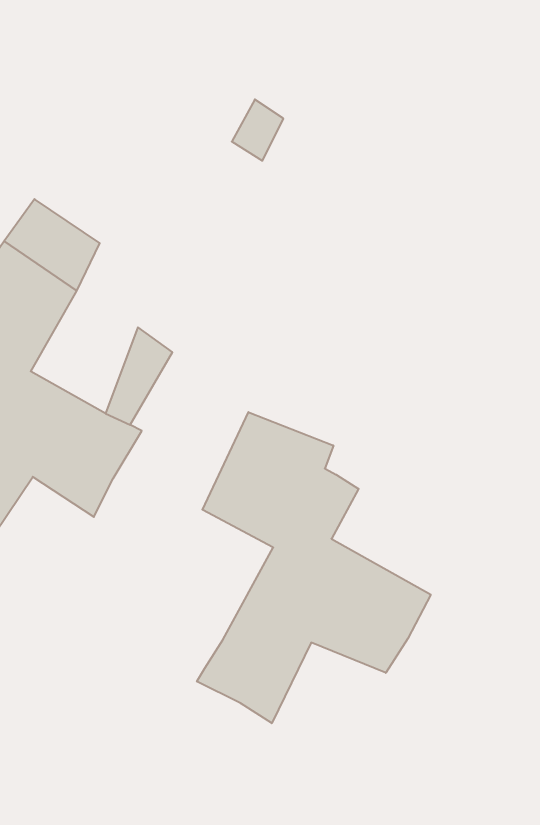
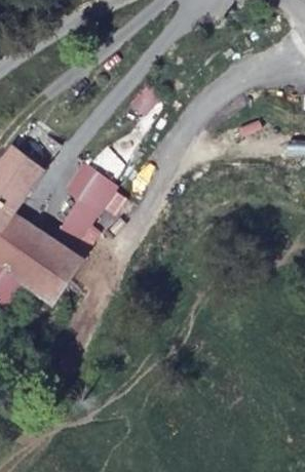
building: none -> [68,154,120,208]
building: [197,412,431,723] -> none

